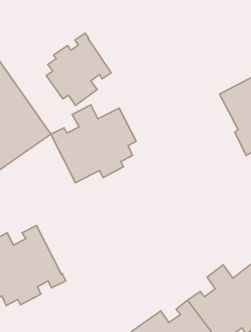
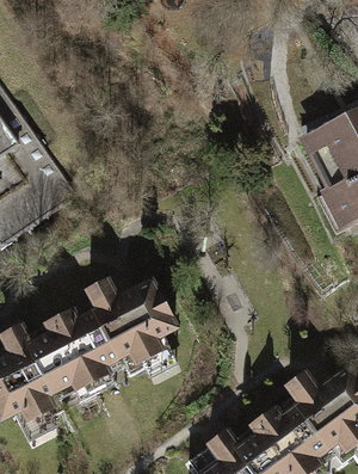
building: [46,33,111,105] -> none
building: [51,105,136,183] -> [60,277,174,382]

